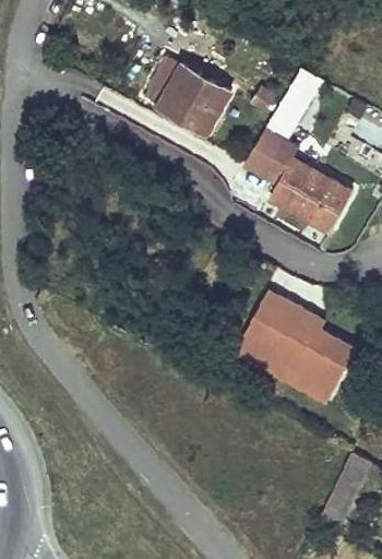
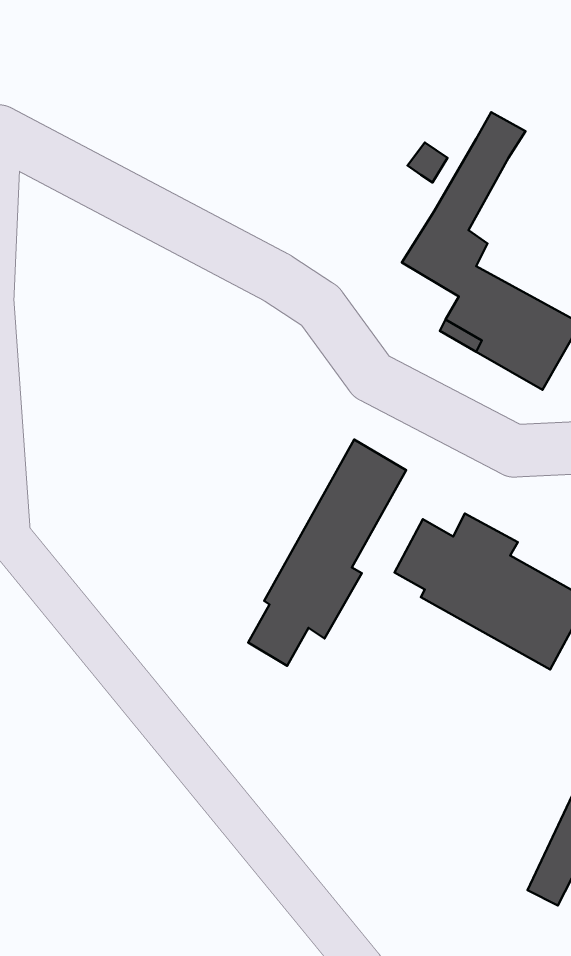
building: [144,58,229,133] -> none
building: none -> [248,439,406,666]

